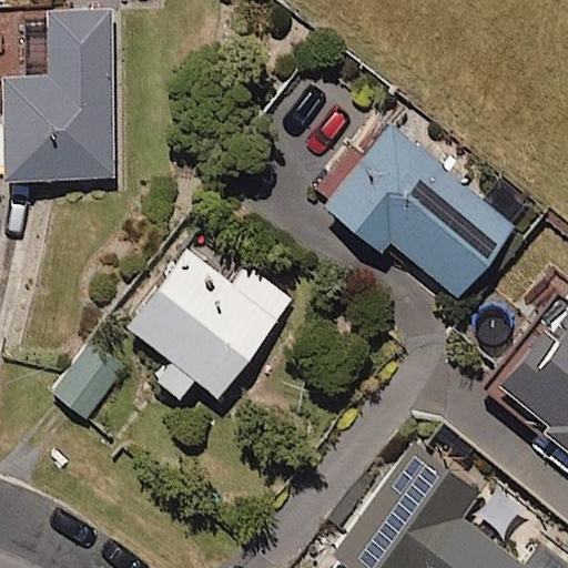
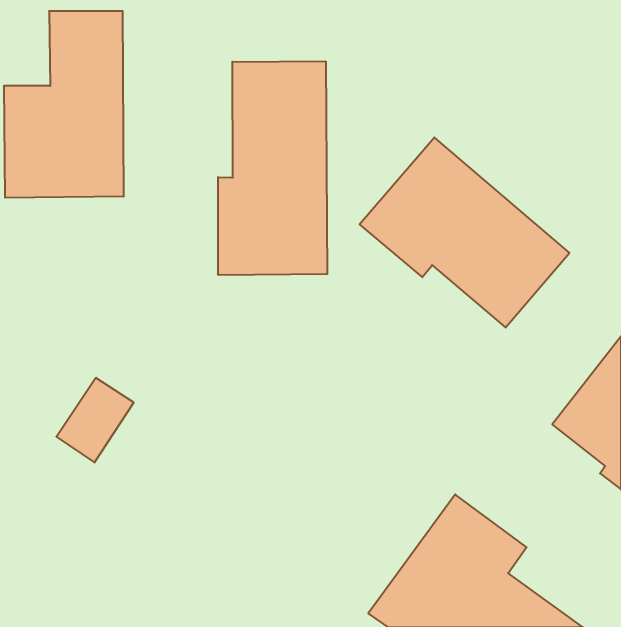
building: none -> [218,61,327,275]
building: [131,251,291,396] -> none

